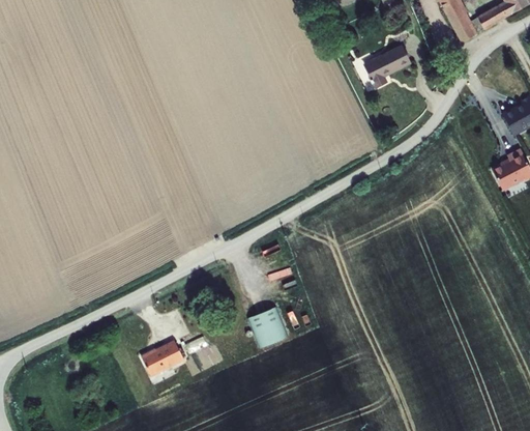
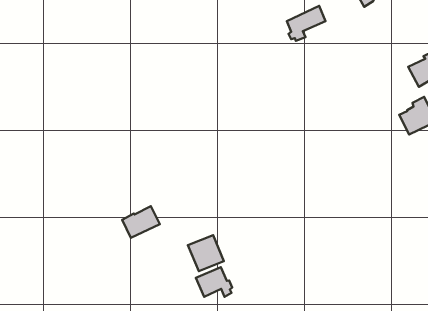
building: [142,340,185,376] -> [122,206,160,238]
building: none -> [196,267,232,297]

